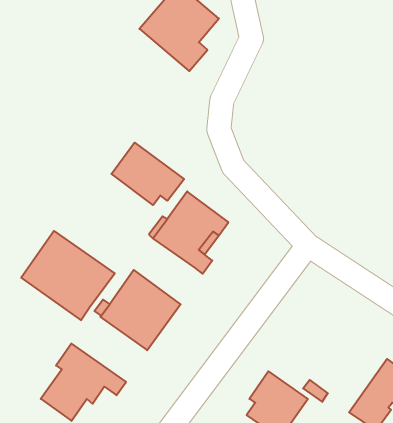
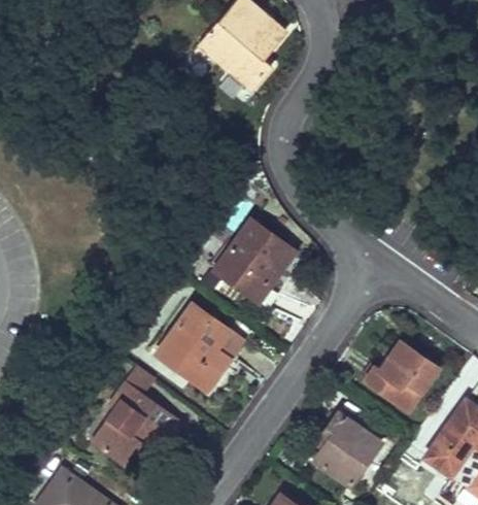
building: [111,143,184,205] -> none
building: [21,231,115,320] -> none
building: none -> [364,341,439,410]

